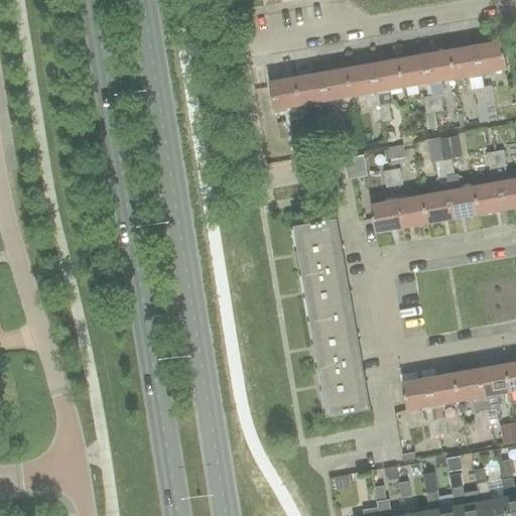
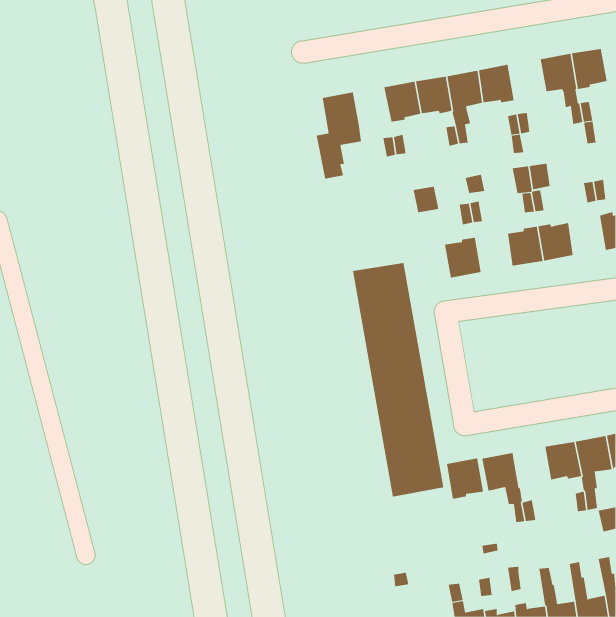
building: [423,49,455,84] -> none
building: [294,73,326,104] -> none
building: [474,179,504,213] -> none
building: [396,195,426,227] -> none
building: [427,372,459,406] -> [446,458,484,499]

